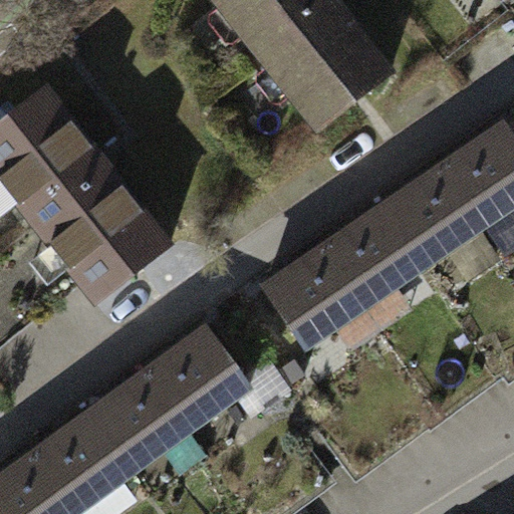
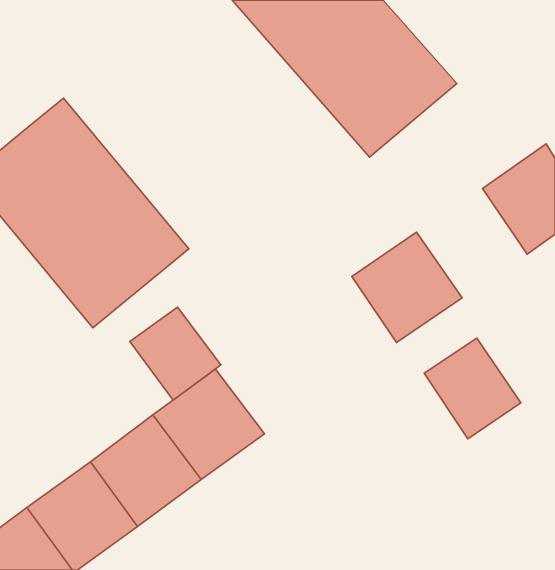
building: [374,170,474,268] -> none
building: [255,249,356,349] -> none
building: none -> [130,307,221,400]
building: none -> [424,338,521,439]

